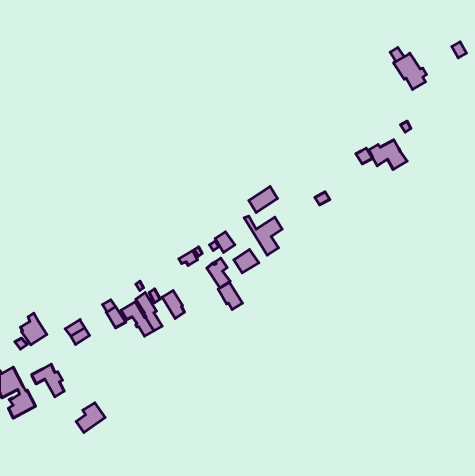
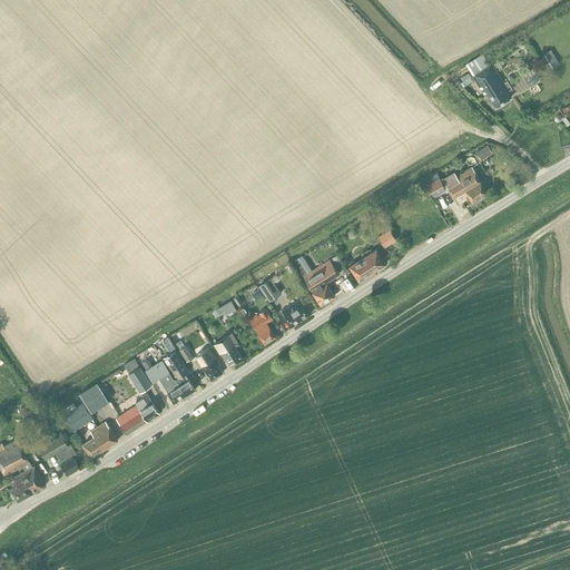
building: [249,187,278,213] -> [348,249,383,281]
building: [218,283,242,310] -> [213,335,242,367]
building: [21,313,47,345] -> [60,393,91,431]
building: none -> [115,393,157,434]
building: [76,403,105,433] -> [81,422,116,458]

